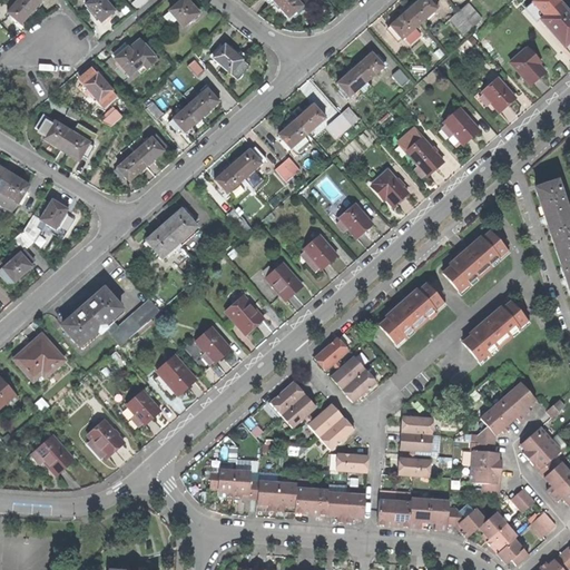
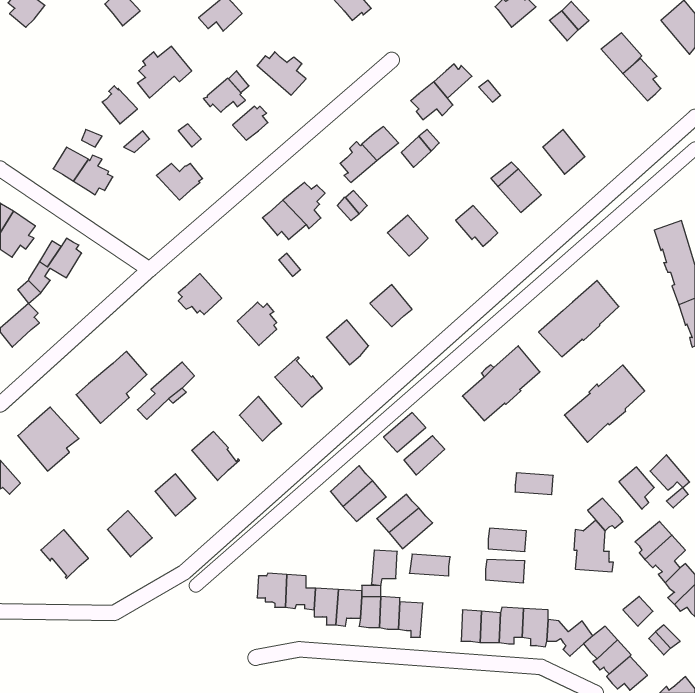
building: [386,8,421,42] -> none
building: [482,77,515,110] -> [601,33,642,74]
building: [170,102,205,130] -> [203,78,245,112]
building: [115,145,147,179] -> none
building: [338,203,372,236] -> [387,215,428,256]
building: [164,208,196,244] -> [237,302,277,346]
building: [341,367,376,403] -> none
building: [493,394,525,423] -> [650,455,690,490]
building: [401,416,432,434] -> [515,473,553,495]
building: [470,465,501,492] -> none
building: [344,493,365,522] -> [371,550,397,585]

